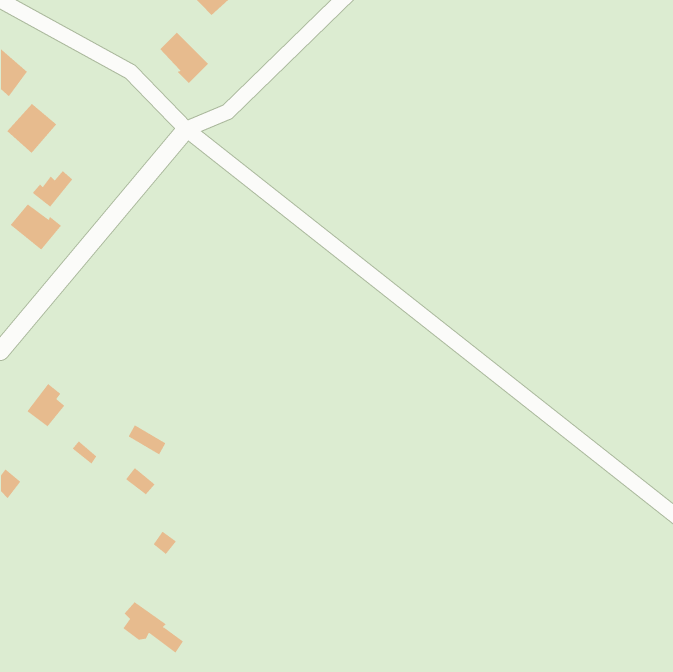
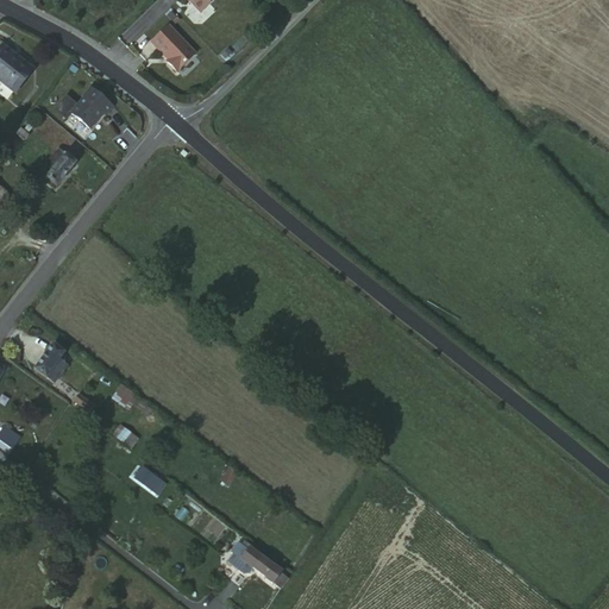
building: [7,103,57,154] -> [75,81,120,126]
building: [10,203,62,251] -> none
building: [123,602,184,654] -> [230,541,284,588]

